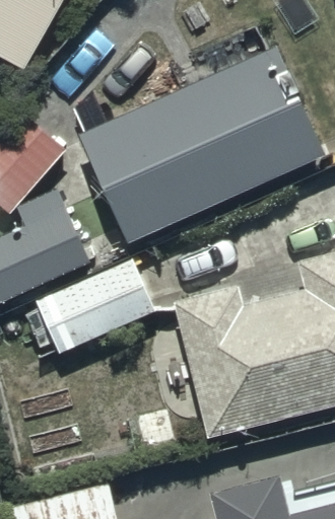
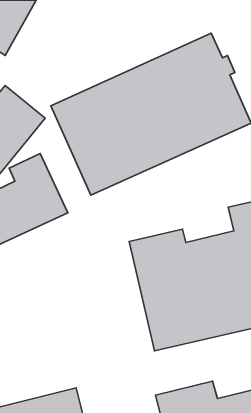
building: [34,260,155,354] -> none

